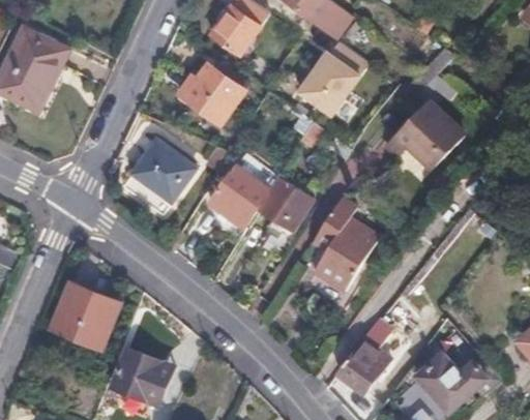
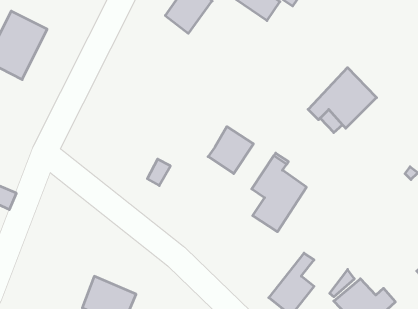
building: [296,40,366,114] -> none
building: [178,69,241,124] -> none
building: [132,139,197,202] -> none
building: [210,167,270,228] -> none
building: [50,282,119,350] -> none

